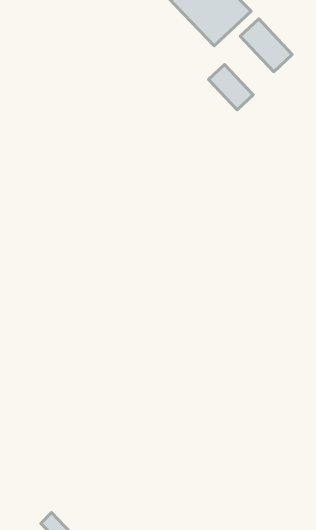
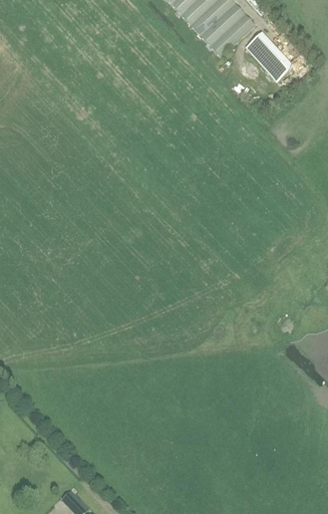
building: [208,64,253,110] -> none

